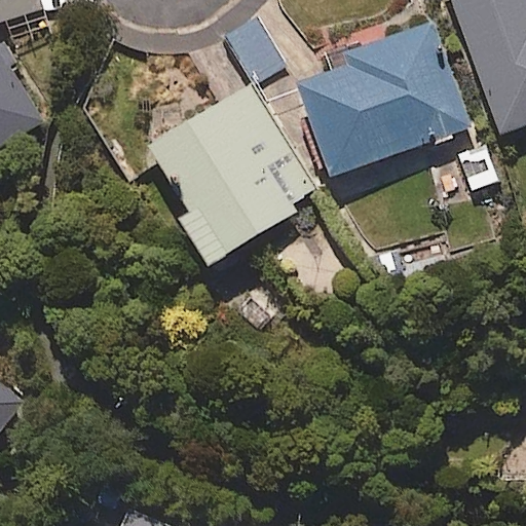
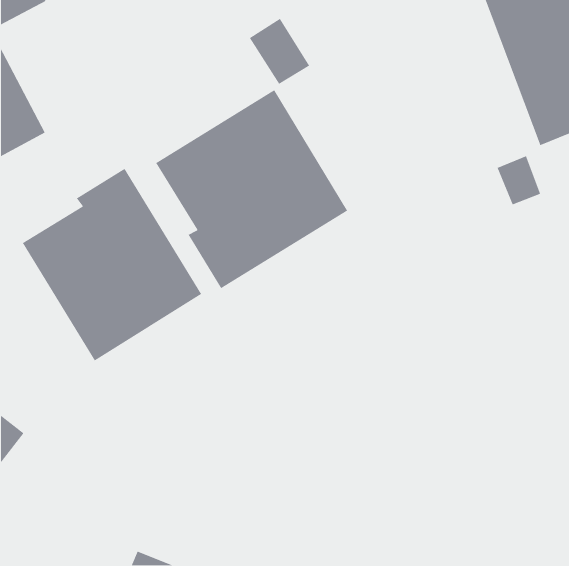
building: [292,21,471,177] -> none
building: none -> [22,168,202,362]

